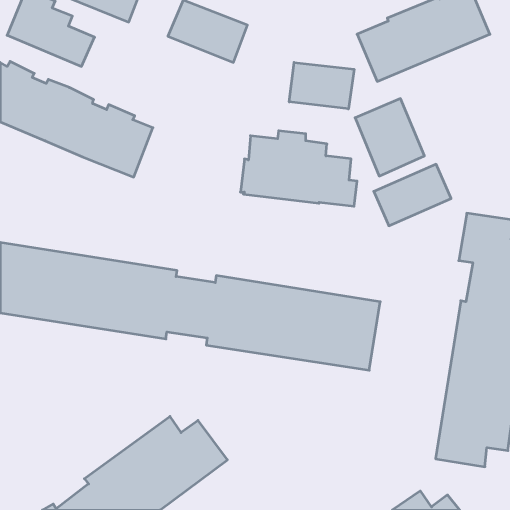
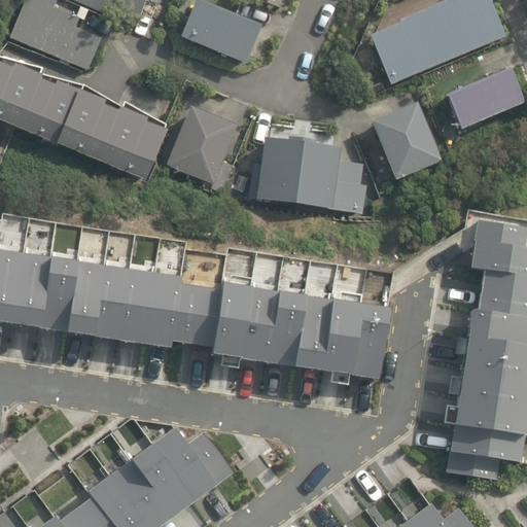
building: [289,62,354,109] -> none
building: none -> [165,106,236,188]
building: [374,164,451,226] -> [443,67,522,130]

